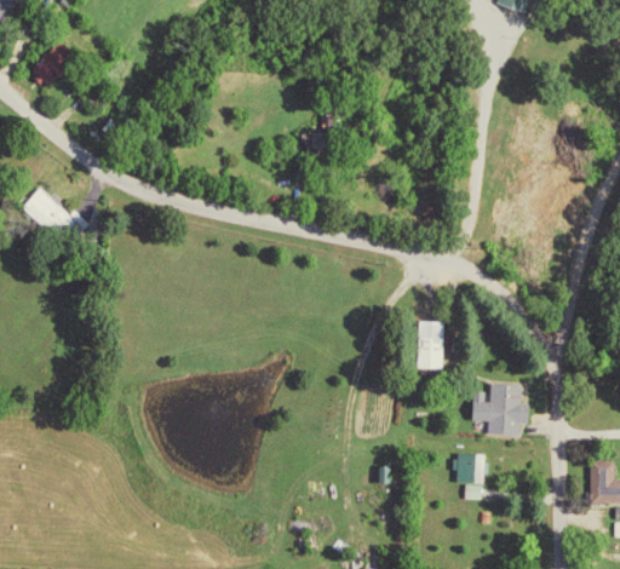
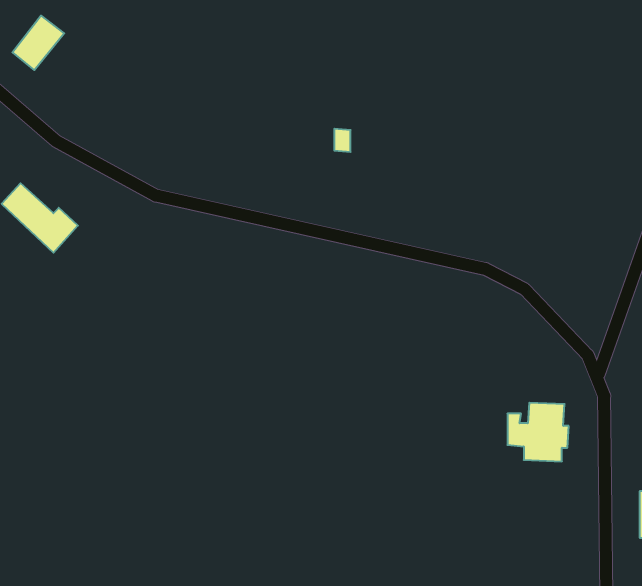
building: [417,321,444,368] -> none
building: [457,454,483,484] -> none

